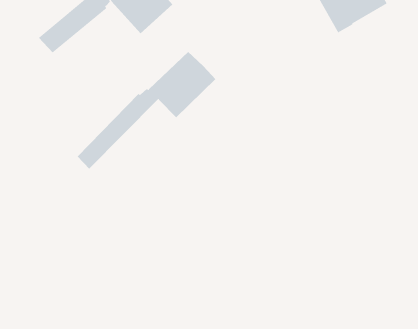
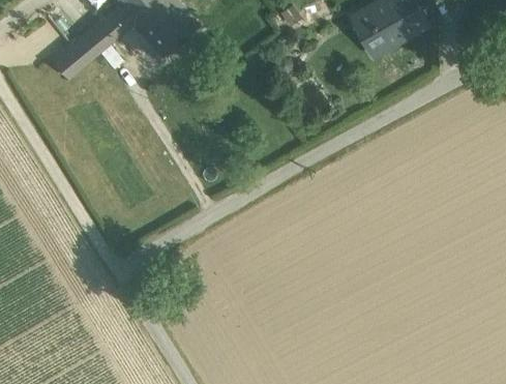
building: [77,51,216,170] -> none

